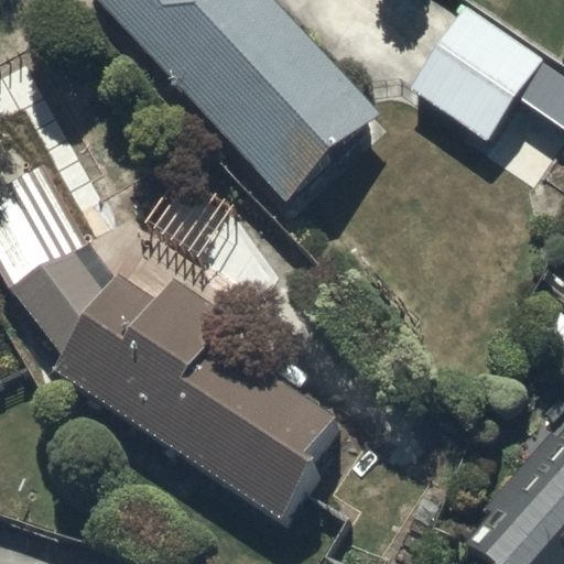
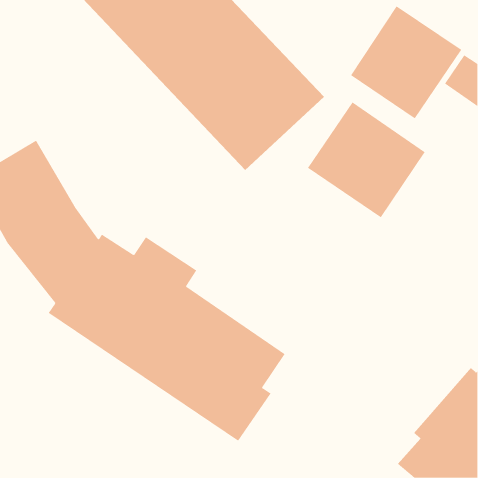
building: none -> [307,101,425,218]

